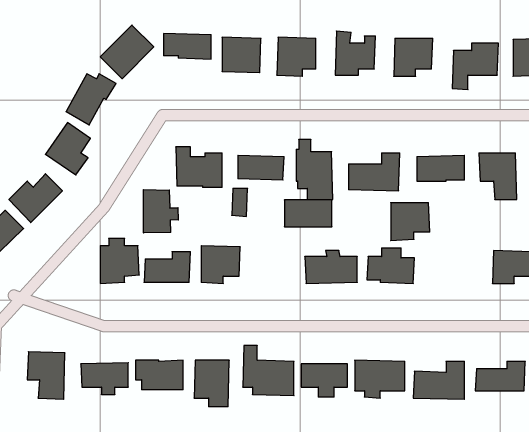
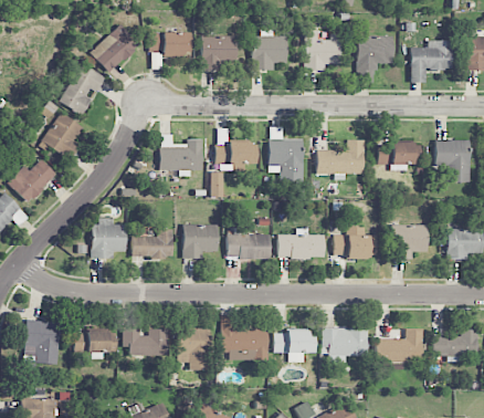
building: [144,190,178,233] -> none
building: [284,200,332,227] -> [228,234,271,259]
building: [391,203,430,241] -> [392,226,428,260]

